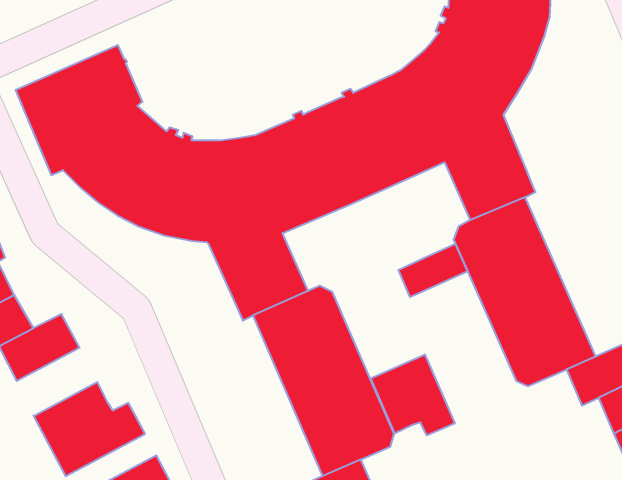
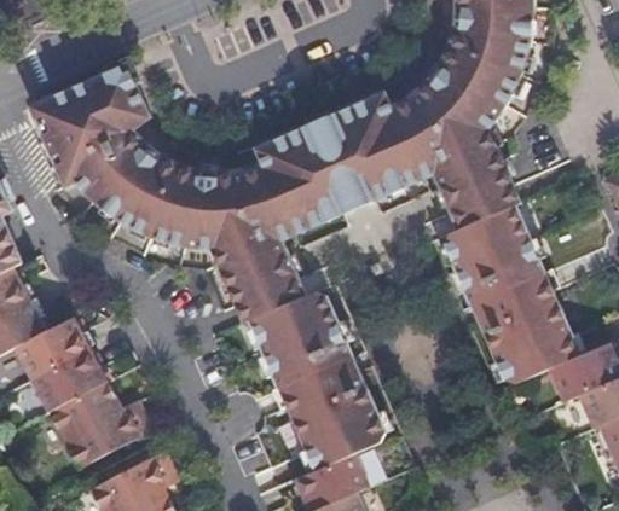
building: [398,244,468,297] -> none
building: none -> [31,348,108,412]
building: [370,354,455,435] -> none

